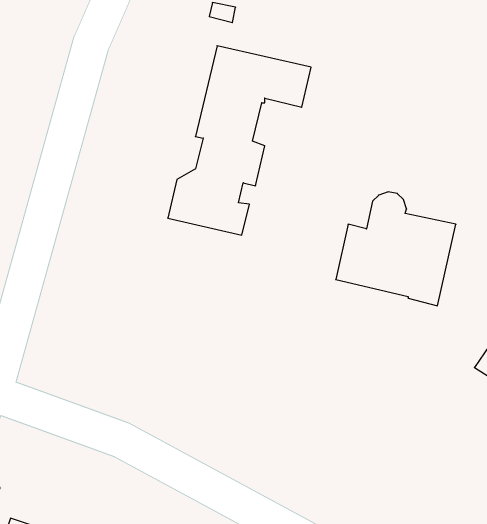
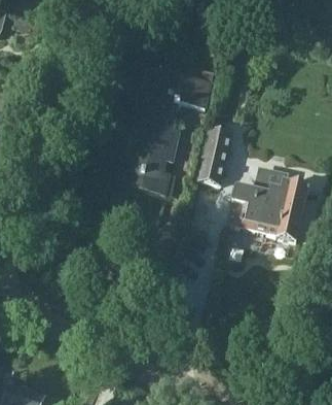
building: none -> [198,128,232,182]

